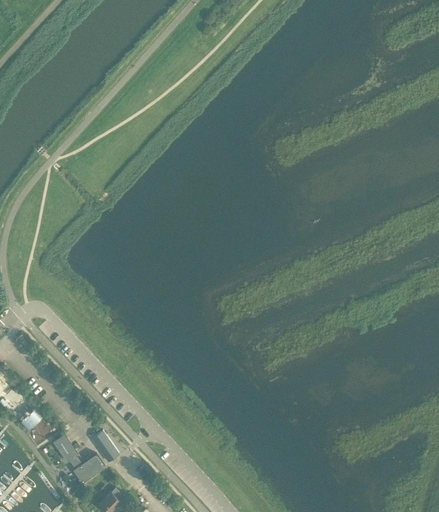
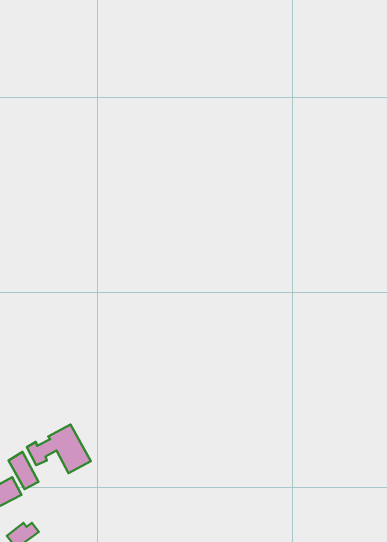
building: none -> [27,425,91,473]

